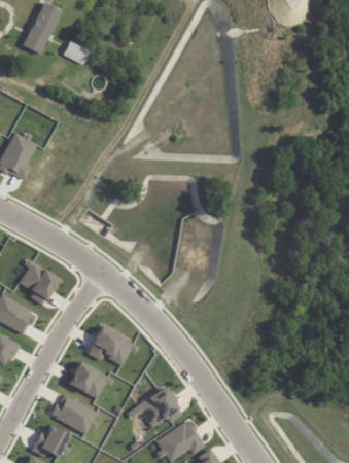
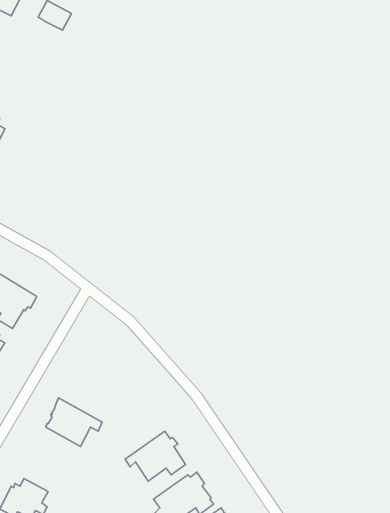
building: [86,325,138,365] -> none
building: [50,394,98,434] -> none

